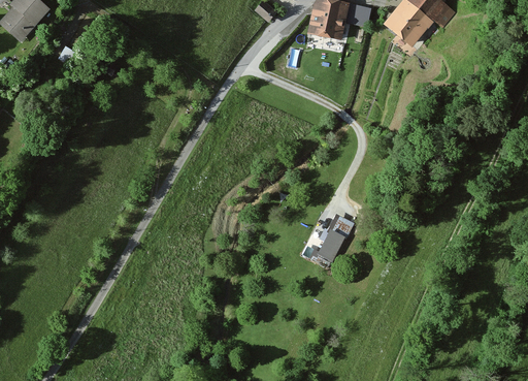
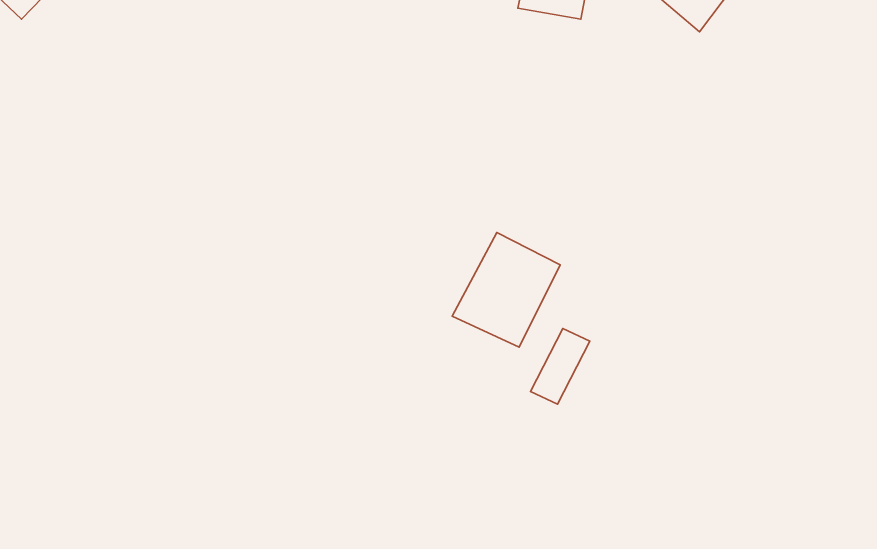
building: none -> [452,232,560,347]

